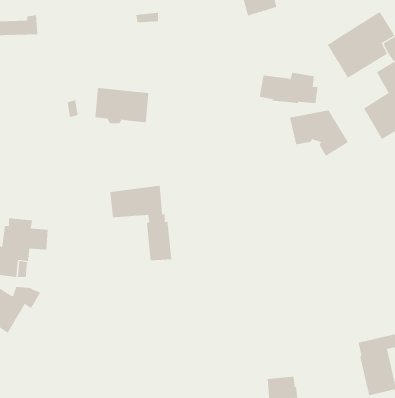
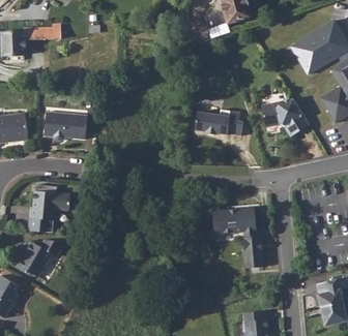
building: [259,72,319,103] -> [196,110,243,134]
building: [95,88,149,124] -> [45,111,88,140]
building: [110,185,172,261] -> [214,207,264,267]

